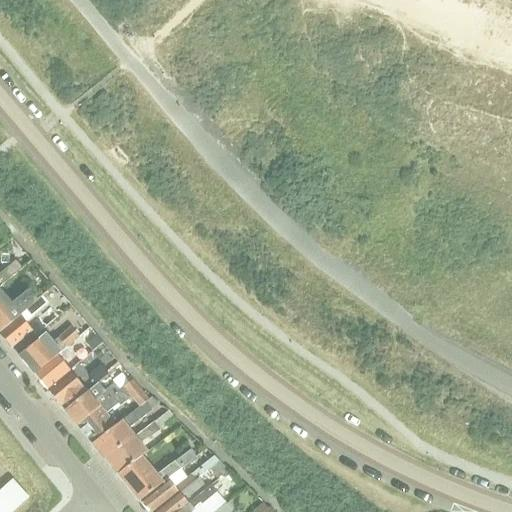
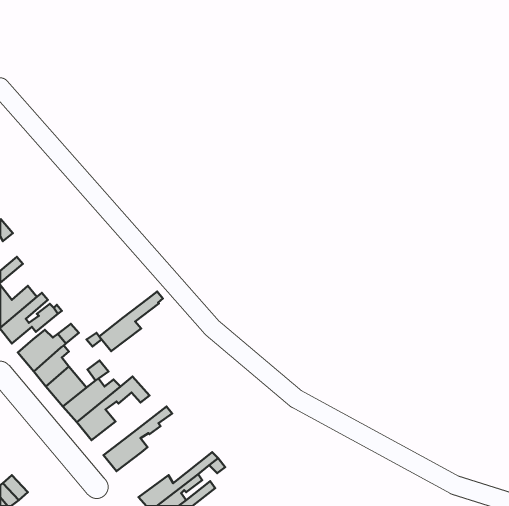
building: [92,397,156,457] -> [99,292,163,351]
building: [117,448,194,499] -> none

